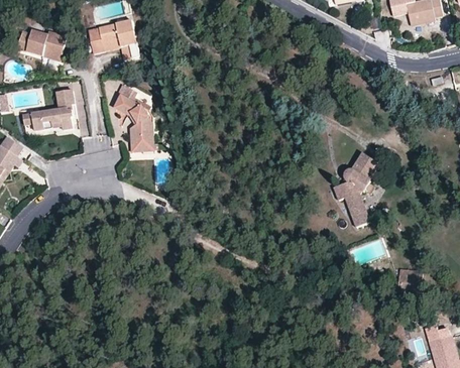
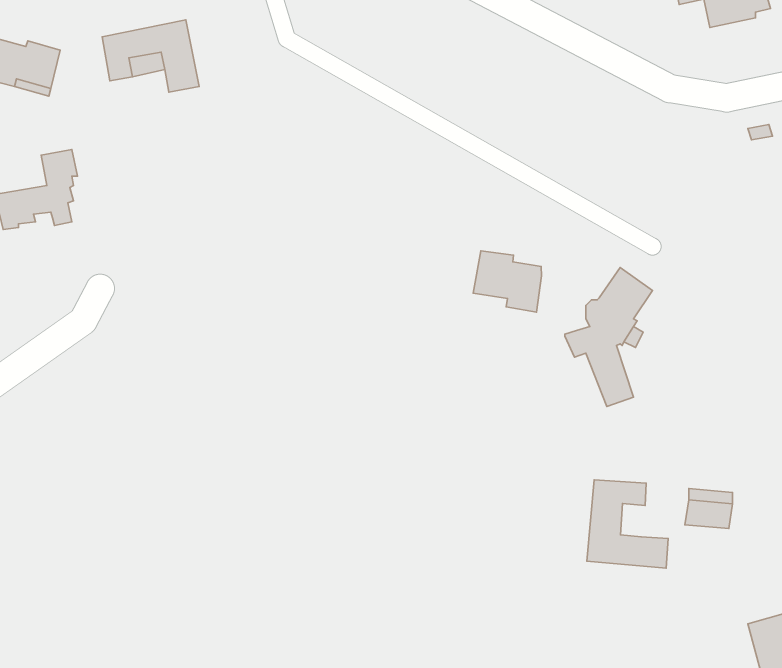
building: [113,84,153,145] -> none
building: none -> [473,251,542,312]
building: none -> [587,480,668,568]

